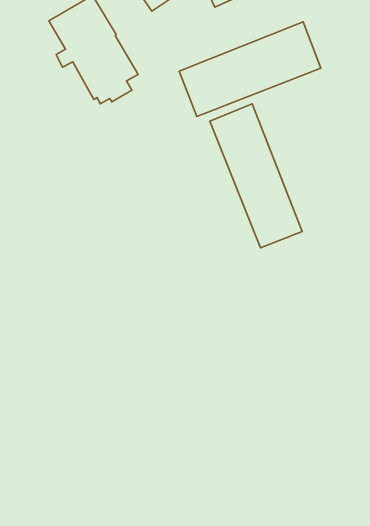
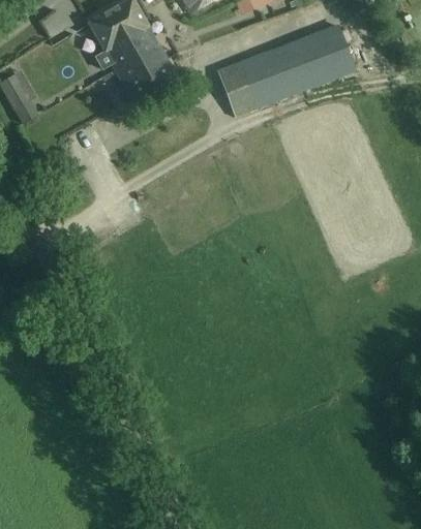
building: [210,104,302,248] -> none

